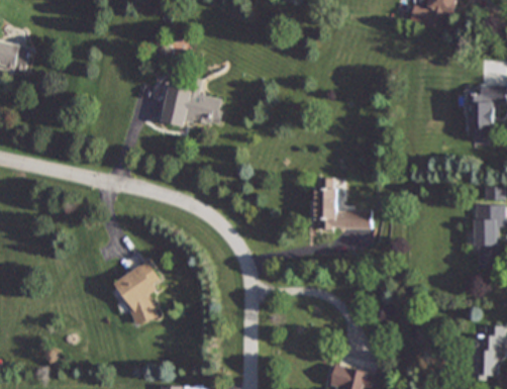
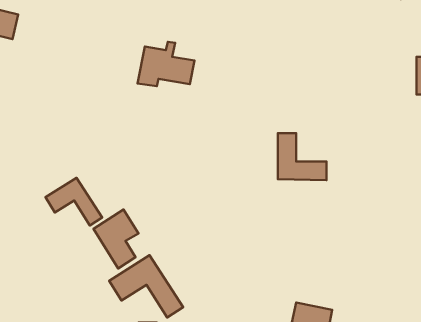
building: none -> [46,178,102,225]
building: none -> [109,255,183,317]

